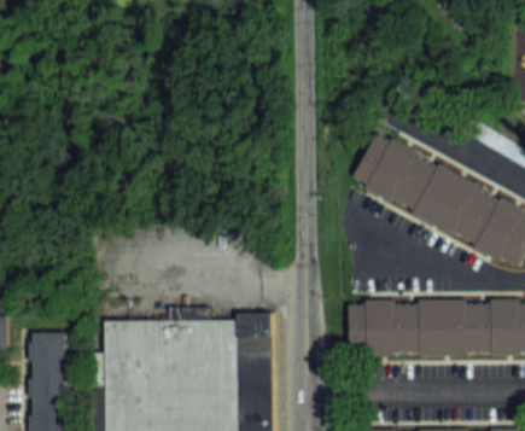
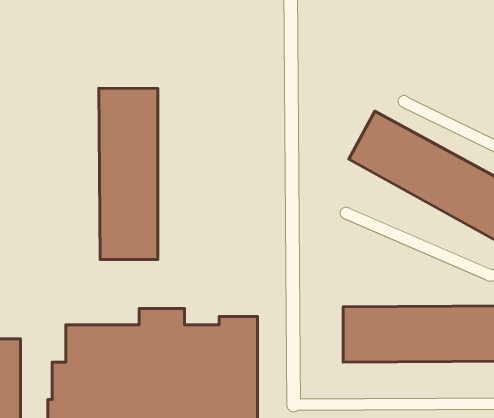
building: none -> [99,88,158,259]

